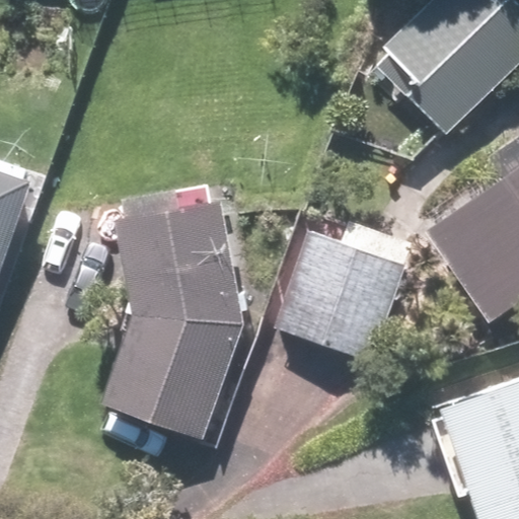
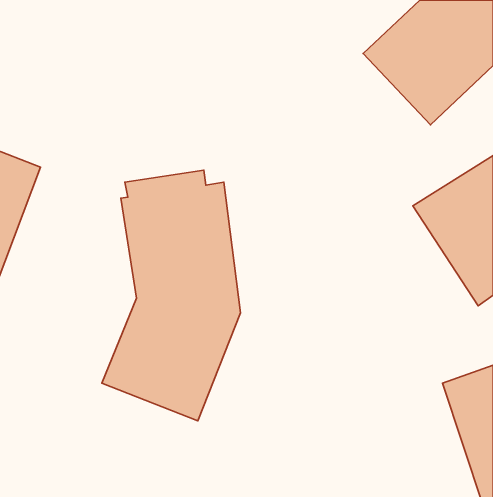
building: [271,225,411,368] -> none

